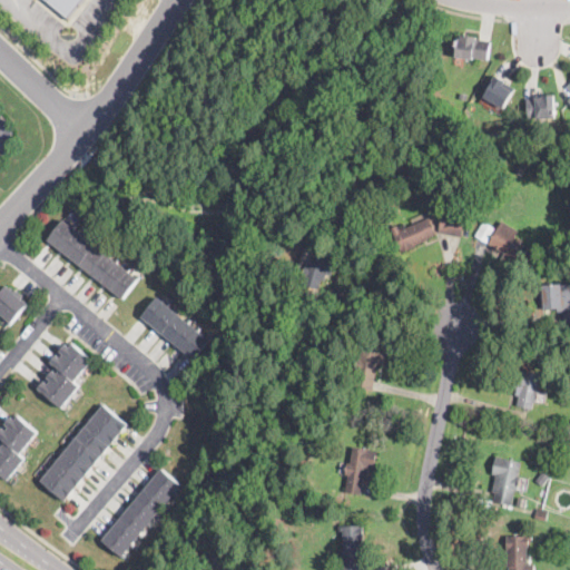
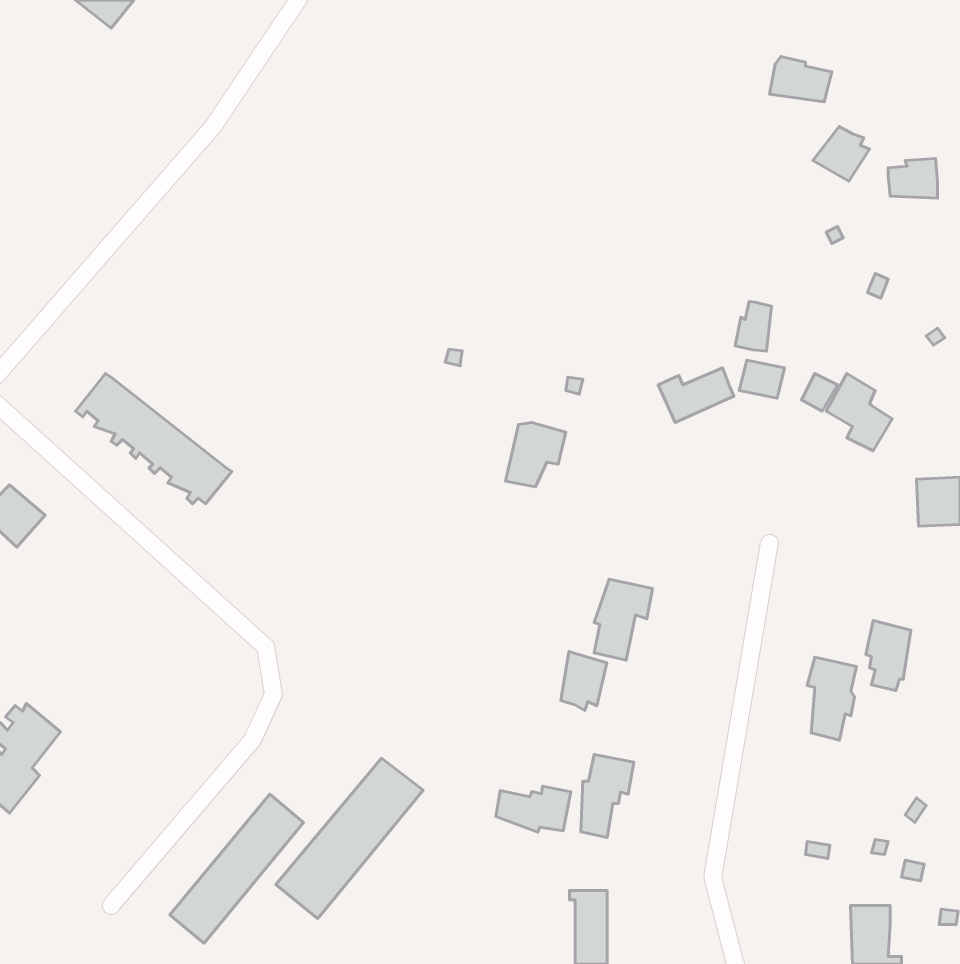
building: none -> [735,302,771,351]
building: [139,297,207,358] -> none
building: [36,343,91,407] -> none
building: none -> [561,651,607,711]
building: [39,405,126,500] -> [276,758,423,919]
building: [490,455,519,504] -> [807,657,856,740]
building: none -> [496,786,571,832]

